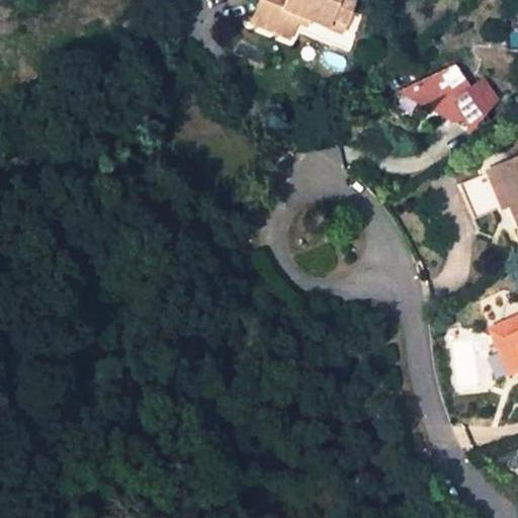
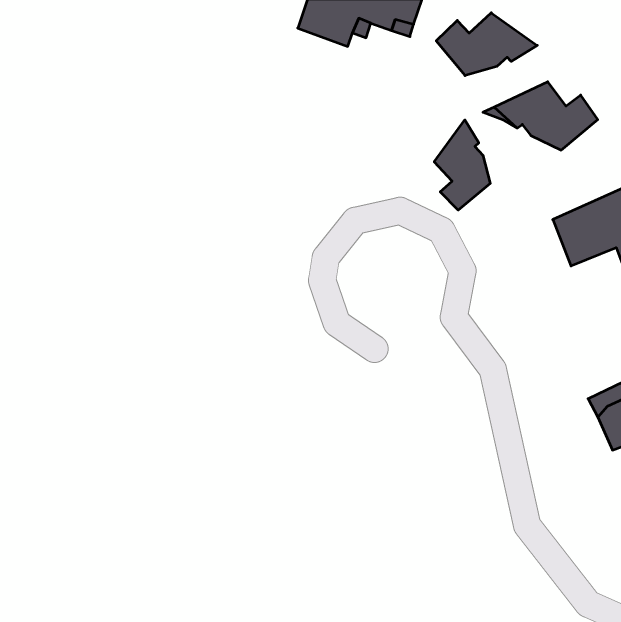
building: none -> [436,13,537,76]
building: none -> [434,120,490,210]

